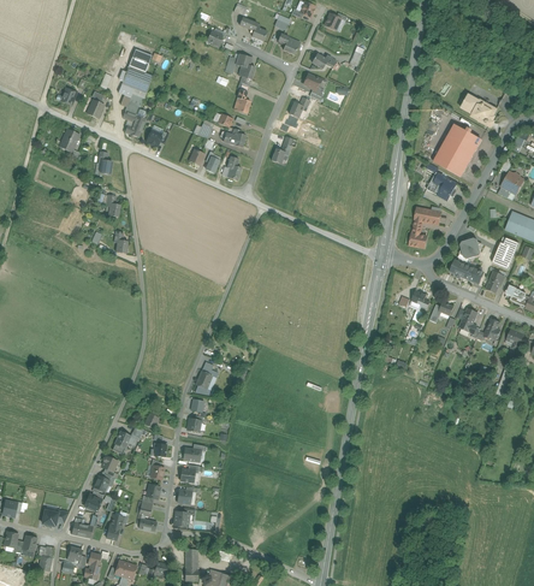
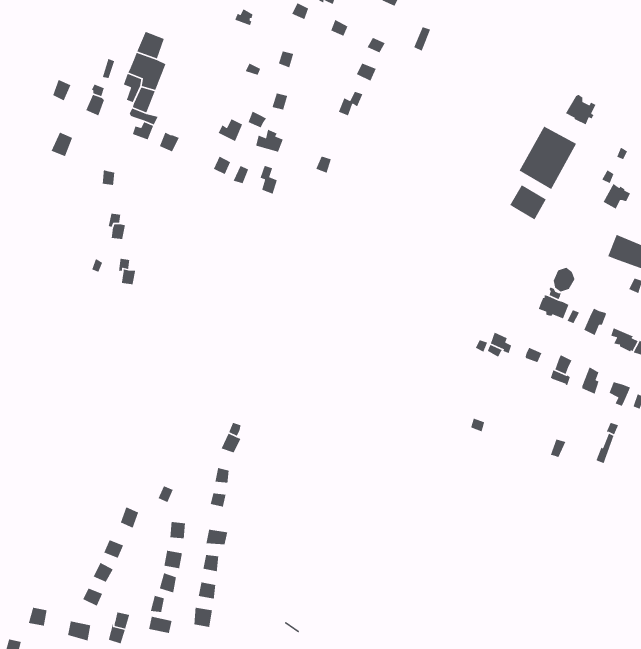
building: [410,208,441,248] -> none
building: [492,237,520,270] -> none

